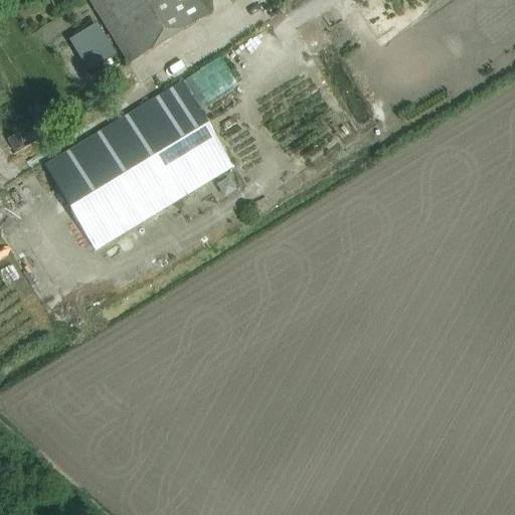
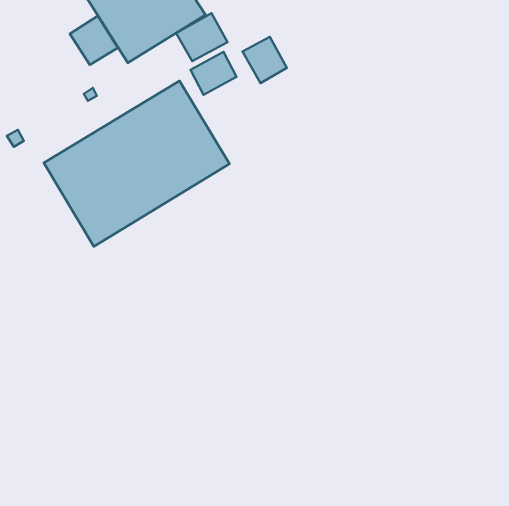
building: none -> [176,13,227,61]
building: none -> [243,37,287,83]

